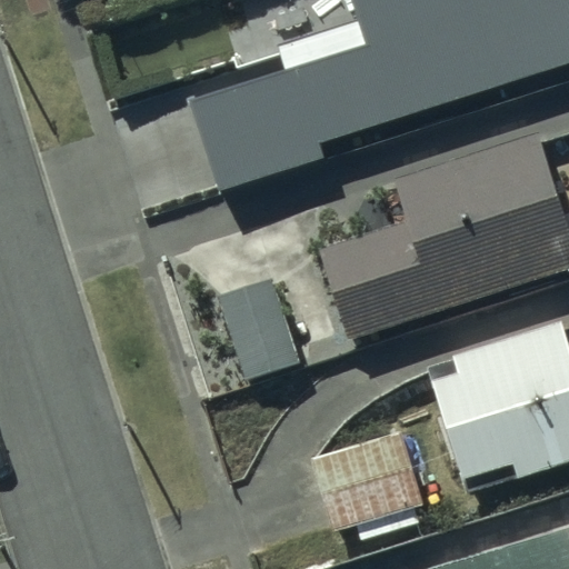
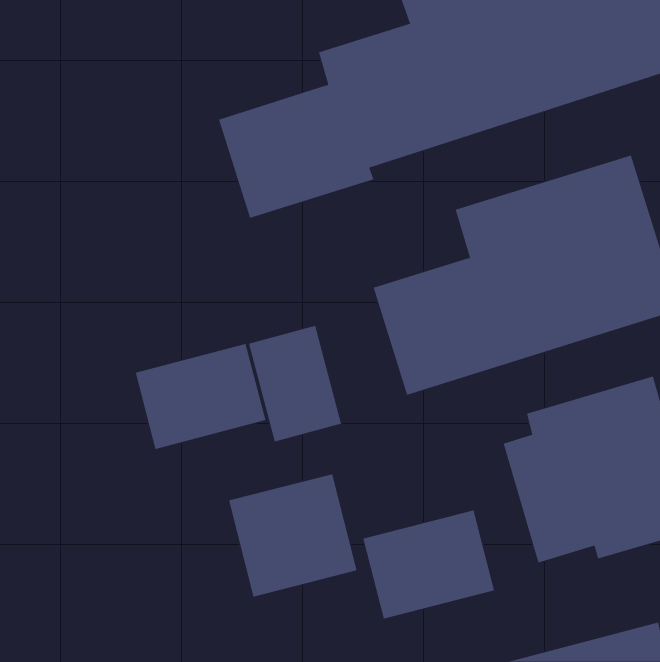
building: none -> [135,343,266,450]
building: none -> [228,473,357,597]

